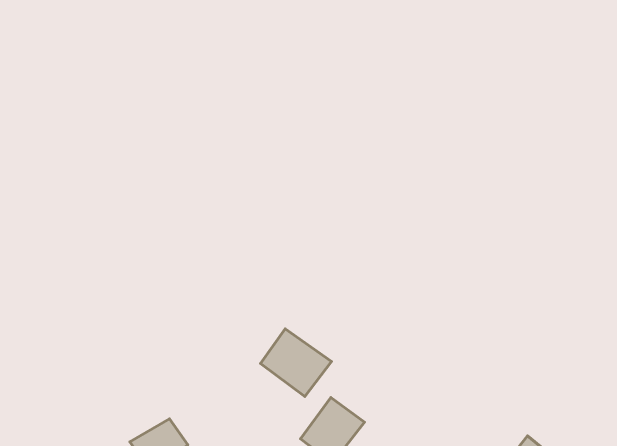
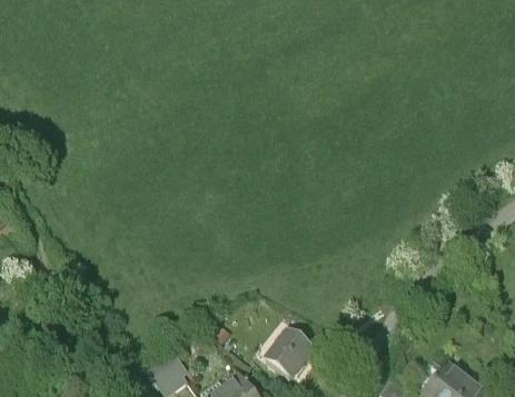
building: [260,329,331,396] -> none

